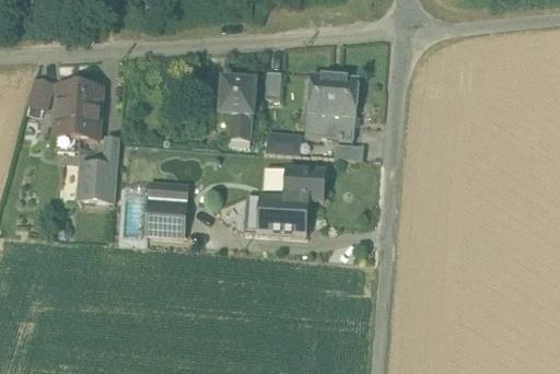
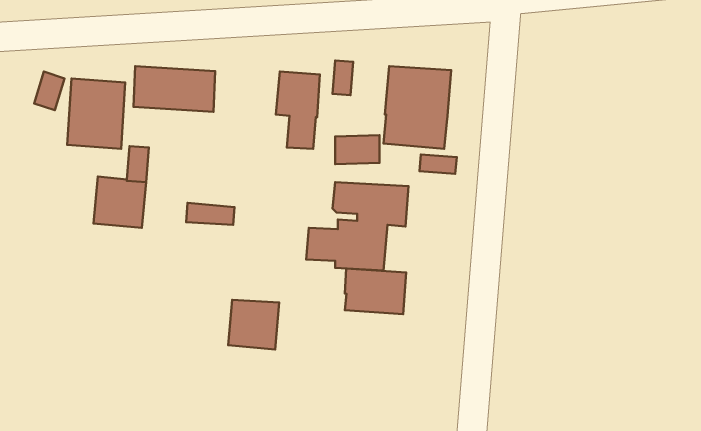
building: none -> [133,66,215,112]
building: [145,197,186,236] -> [228,300,279,349]
building: none -> [345,268,406,314]

